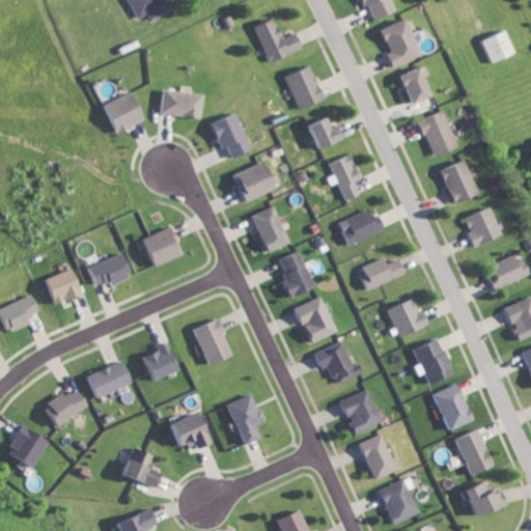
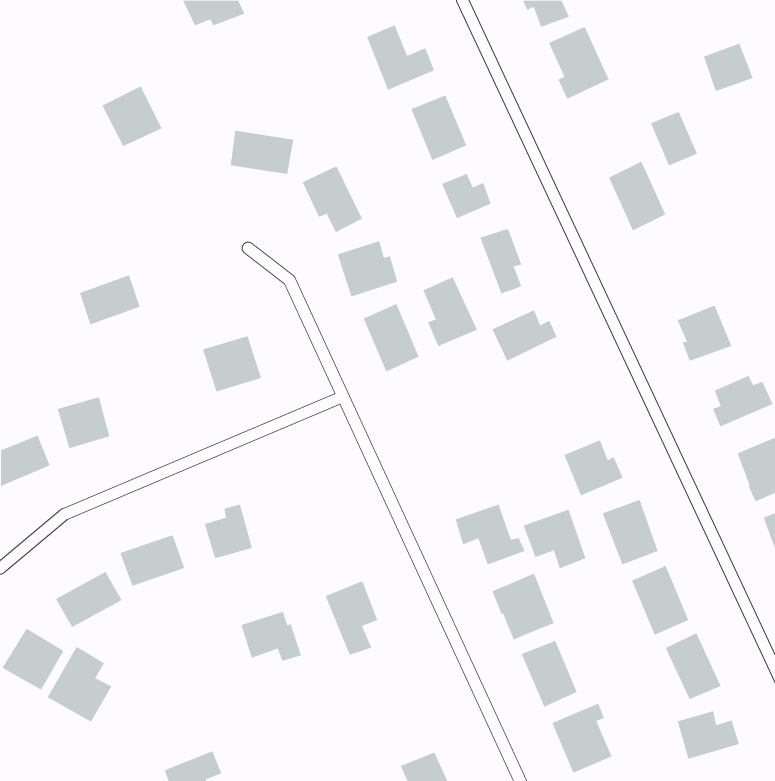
building: [395,67,427,105] -> [650,111,698,166]
building: [103,92,144,134] -> [101,85,163,147]
building: [440,161,475,203] -> none
building: [278,251,315,299] -> [423,276,478,347]
building: [87,254,129,288] -> [79,275,140,325]
building: [361,258,404,290] -> none
building: [292,297,336,343] -> none
building: [193,319,232,365] -> none
building: none -> [523,509,586,569]
building: none -> [47,646,112,723]
building: [120,448,161,488] -> none

